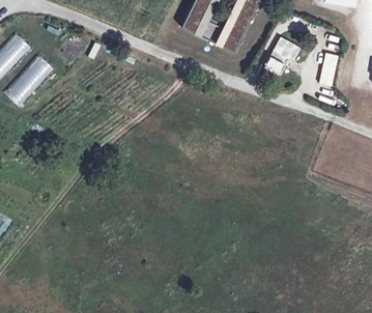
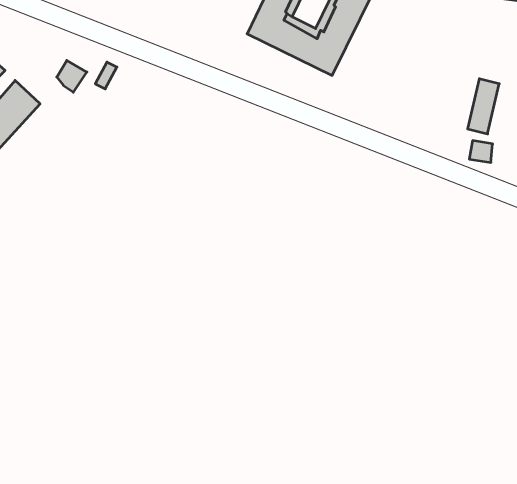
building: [265,36,302,74] -> none

